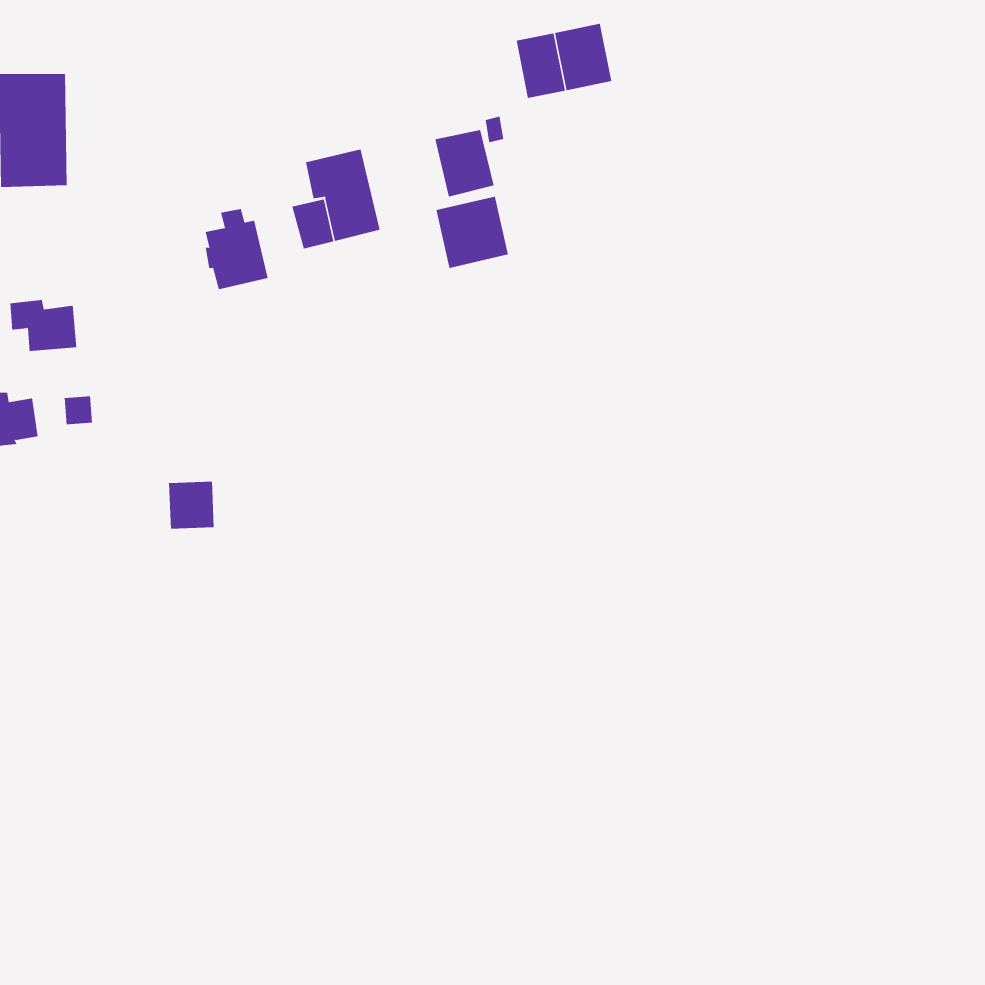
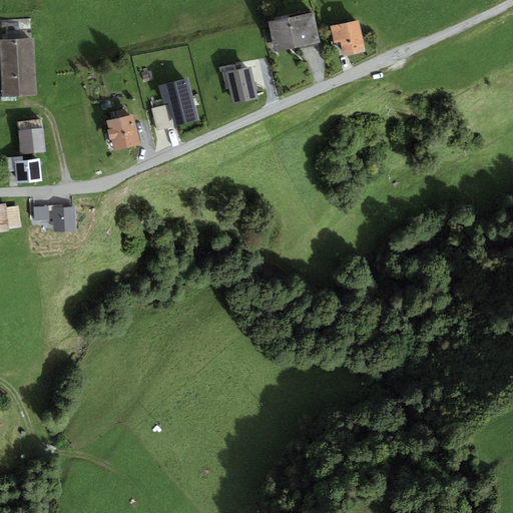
building: none -> [330,20,364,56]
building: [436,196,508,269] -> none
building: none -> [16,119,43,153]
building: [168,481,215,529] -> [51,206,75,231]

